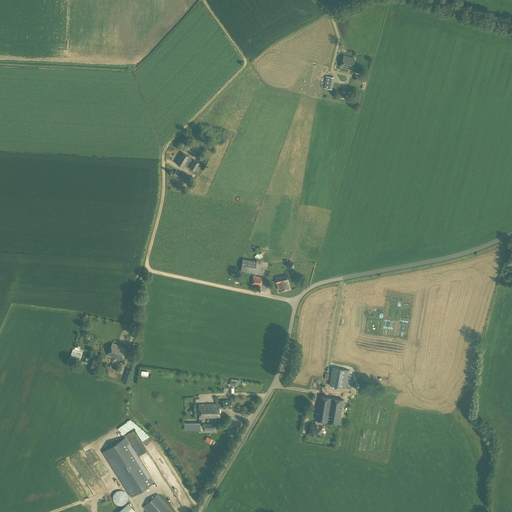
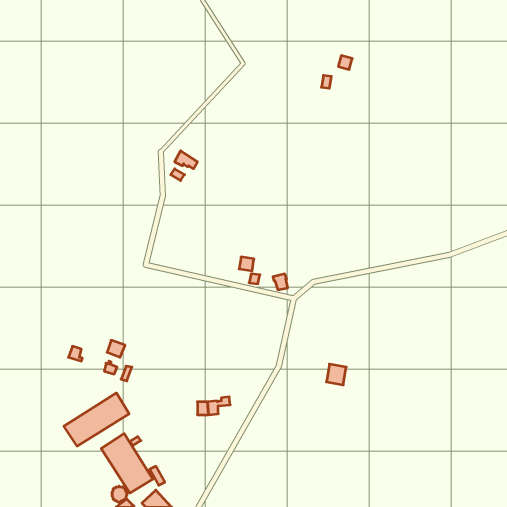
building: [316,396,344,424] -> none
building: none -> [64,393,129,446]

